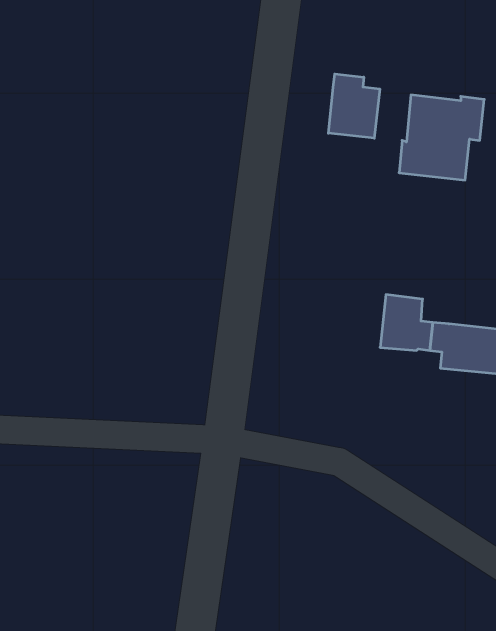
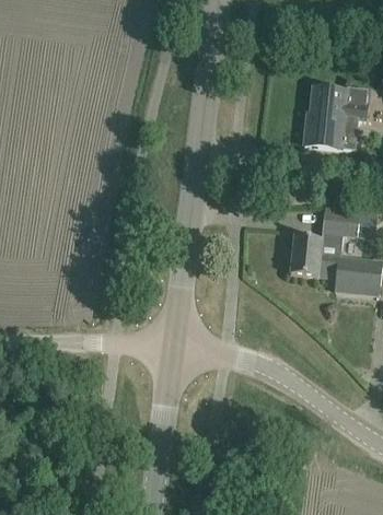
building: [328,74,380,138] -> none
building: none -> [320,208,359,256]

